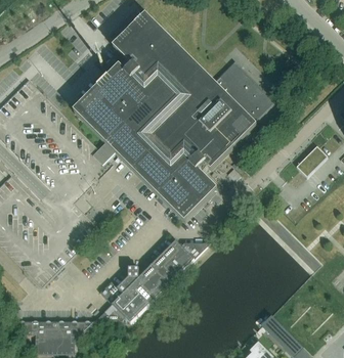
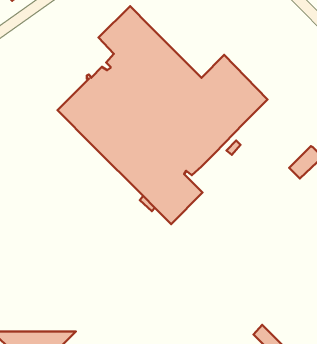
building: [94,238,210,321] -> none

